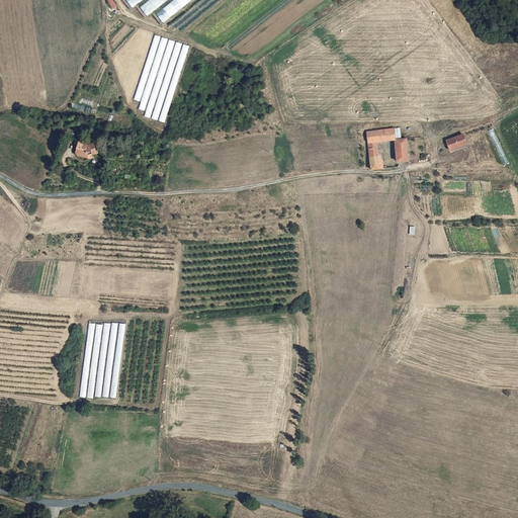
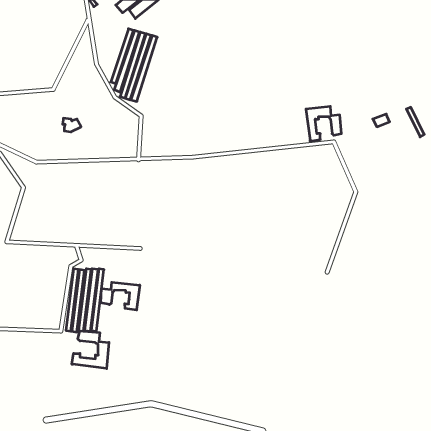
building: none -> [101,282,140,310]
building: none -> [72,331,109,369]

